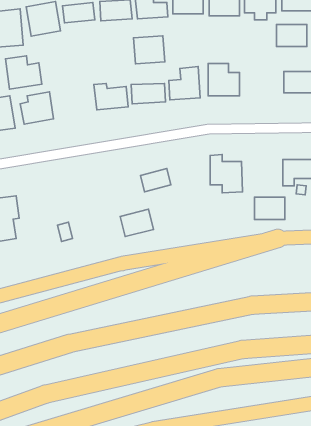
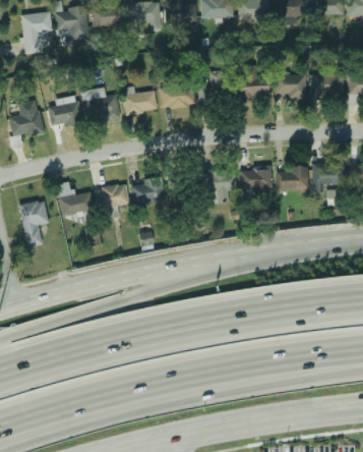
building: [277,24,307,47] -> [275,75,305,98]
building: [134,36,165,64] -> none
building: [5,56,42,89] -> [82,88,119,121]
building: none -> [205,172,235,203]
building: none -> [56,183,93,216]
building: none -> [94,183,127,209]
building: [255,197,285,219] -> [277,167,307,189]
building: [120,209,153,237] -> [129,178,163,206]

